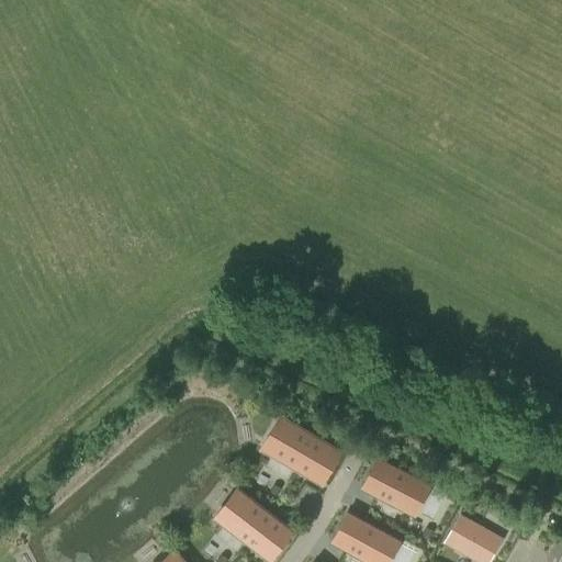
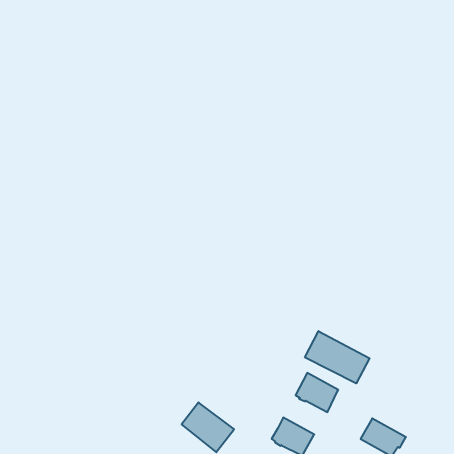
building: none -> [305,331,370,383]
building: [272,425,337,482] -> none

